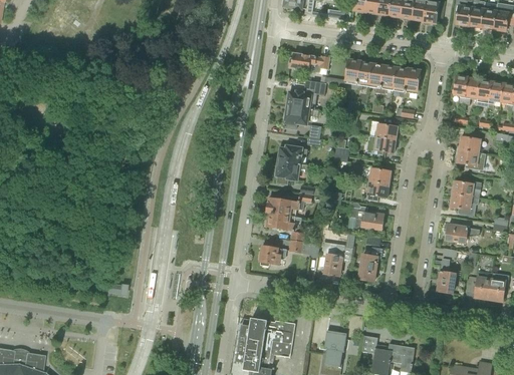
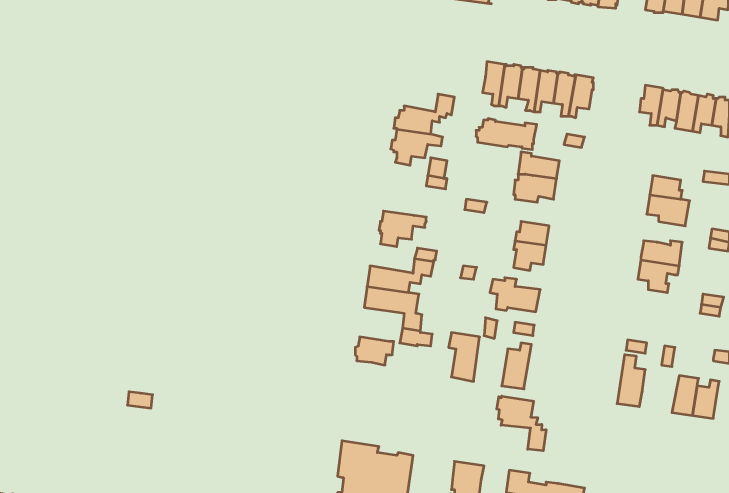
building: [288,52,329,73] -> [476,119,537,150]
building: [278,145,307,163] -> none
building: [445,224,480,242] -> none
building: none -> [497,396,546,451]

